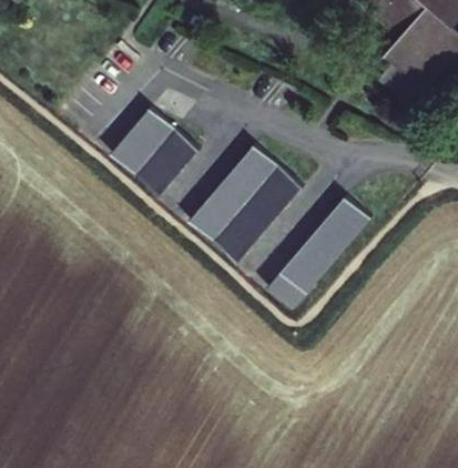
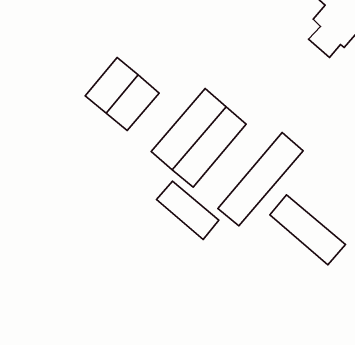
building: none -> [157,181,219,240]
building: none -> [270,195,346,265]

